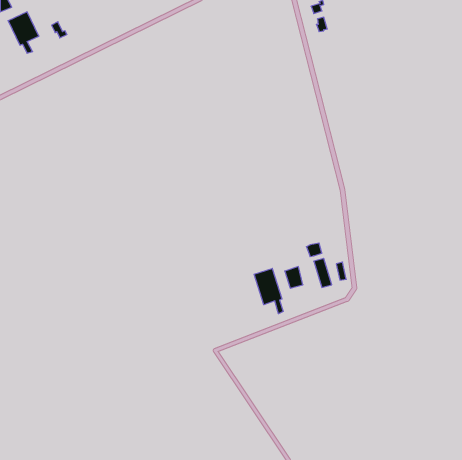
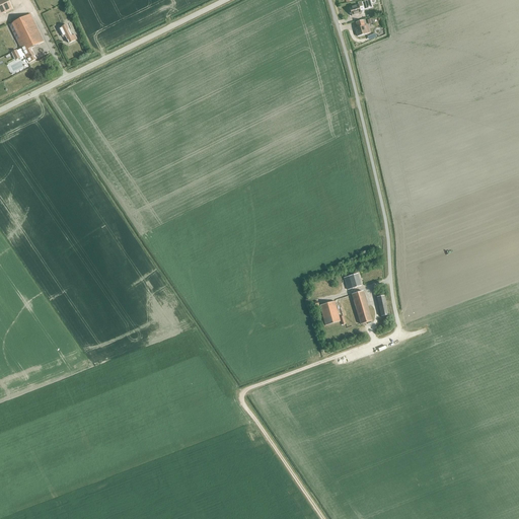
building: [254,268,283,314] -> none

